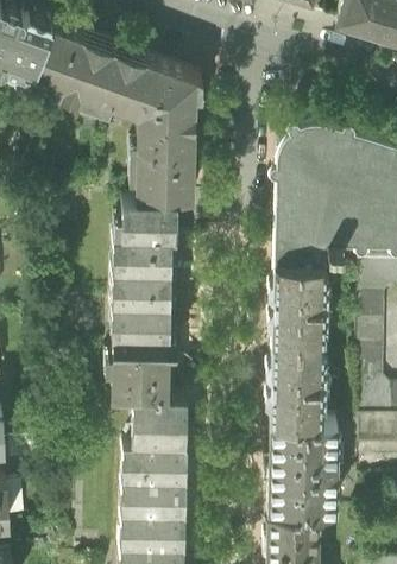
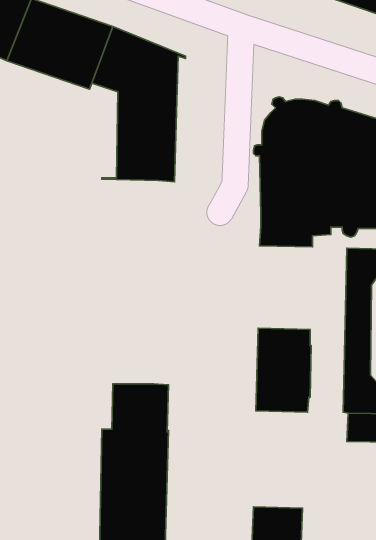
building: [111,202,176,399] -> none
building: [272,266,326,347] -> none
building: [267,425,336,519] -> none

